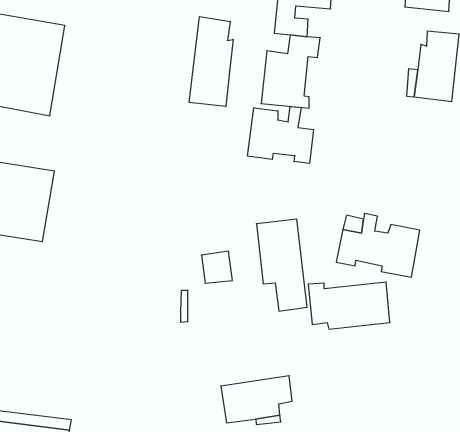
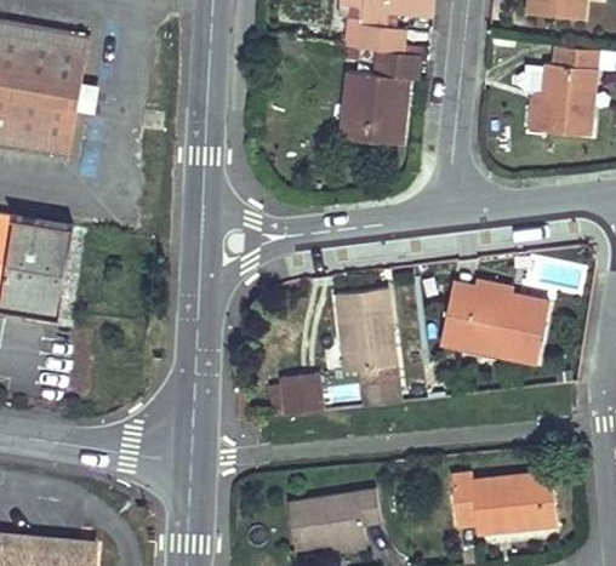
building: [189,17,233,107] -> none
building: [248,106,313,163] -> none
building: [201,251,232,283] -> [279,373,319,415]
building: [308,282,390,329] -> [451,471,557,532]

